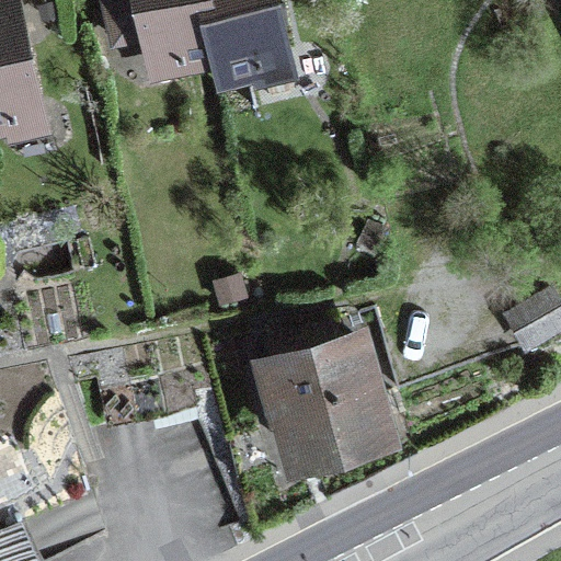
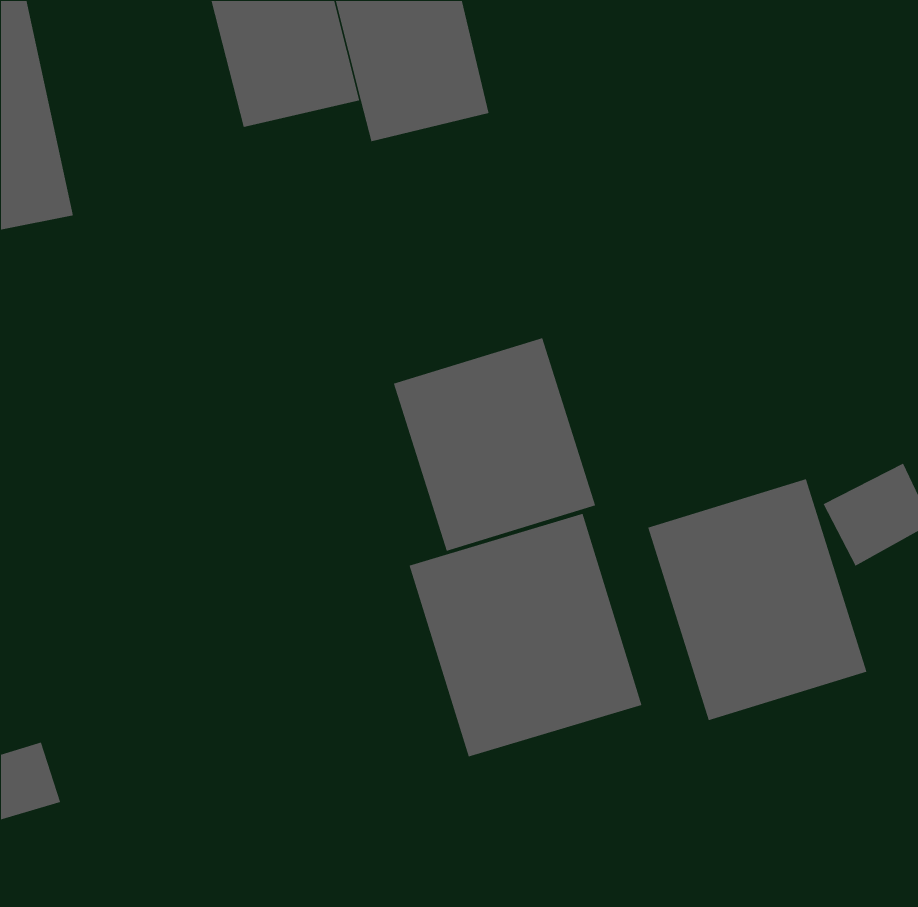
building: none -> [393,337,596,552]
building: none -> [647,478,867,721]

